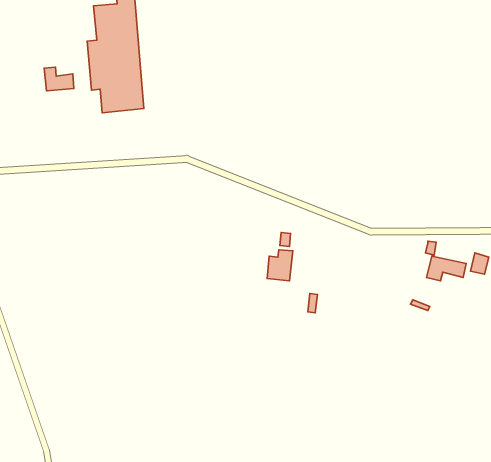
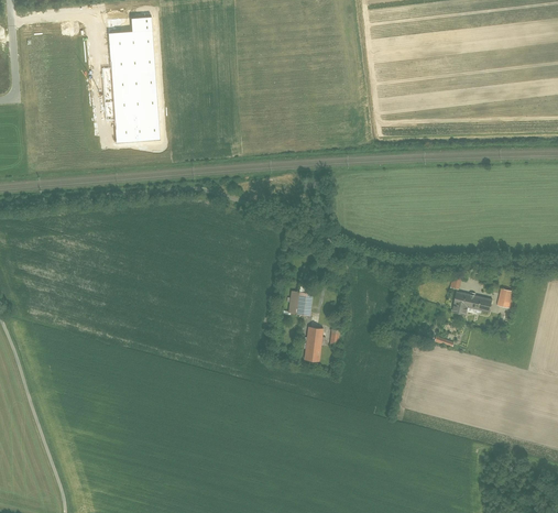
building: [44,67,74,91] -> none
building: none -> [303,327,324,361]

